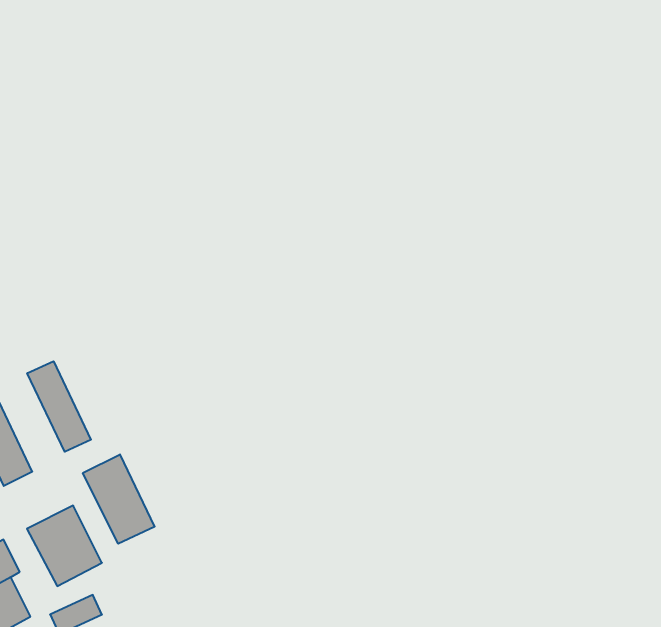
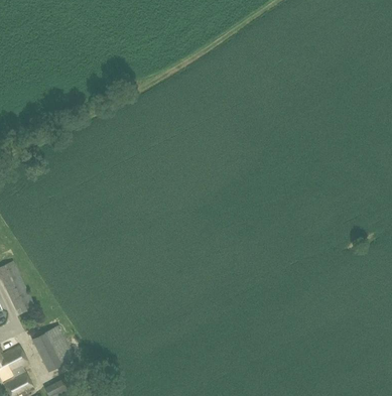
building: [27,361,91,452] -> none
building: [83,454,155,544] -> none

